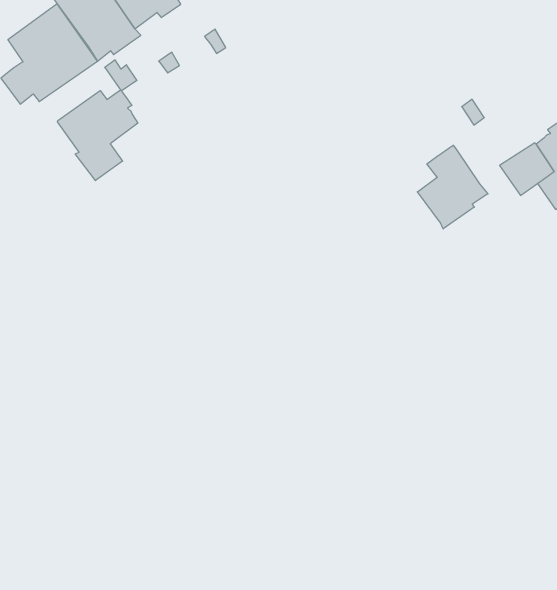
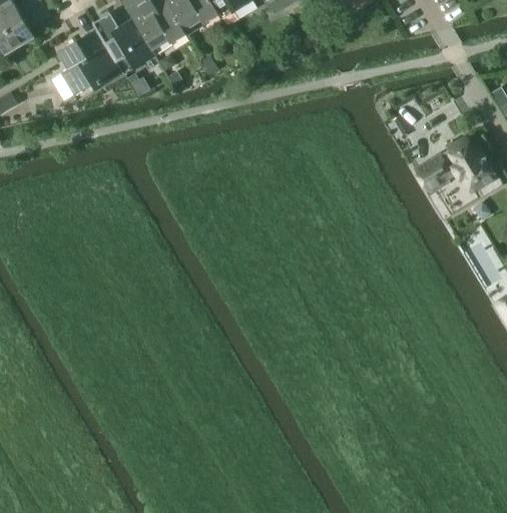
building: [57,90,138,181] -> none
building: [417,145,488,229] -> none

